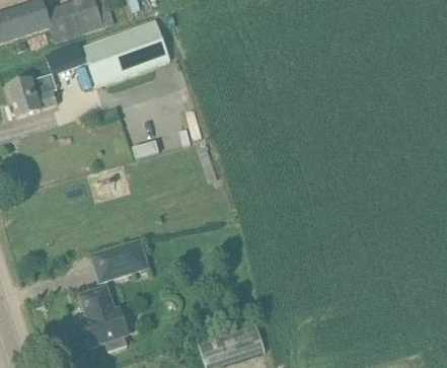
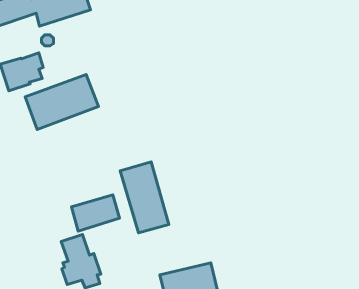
building: [82,19,168,84] -> [25,75,98,130]
building: none -> [120,162,169,233]

